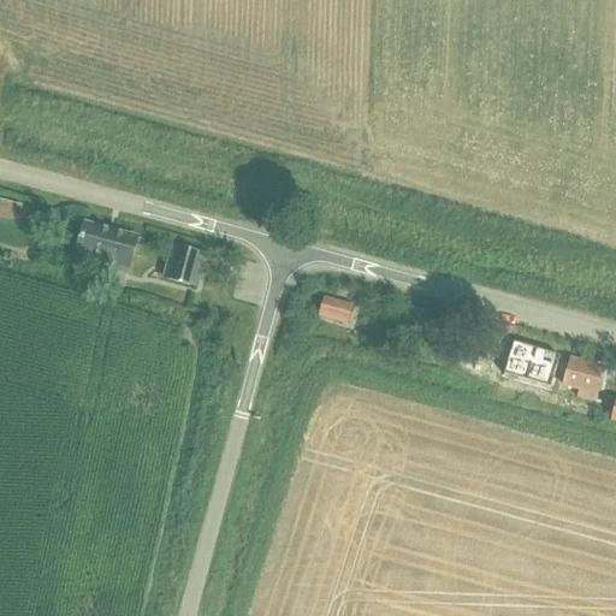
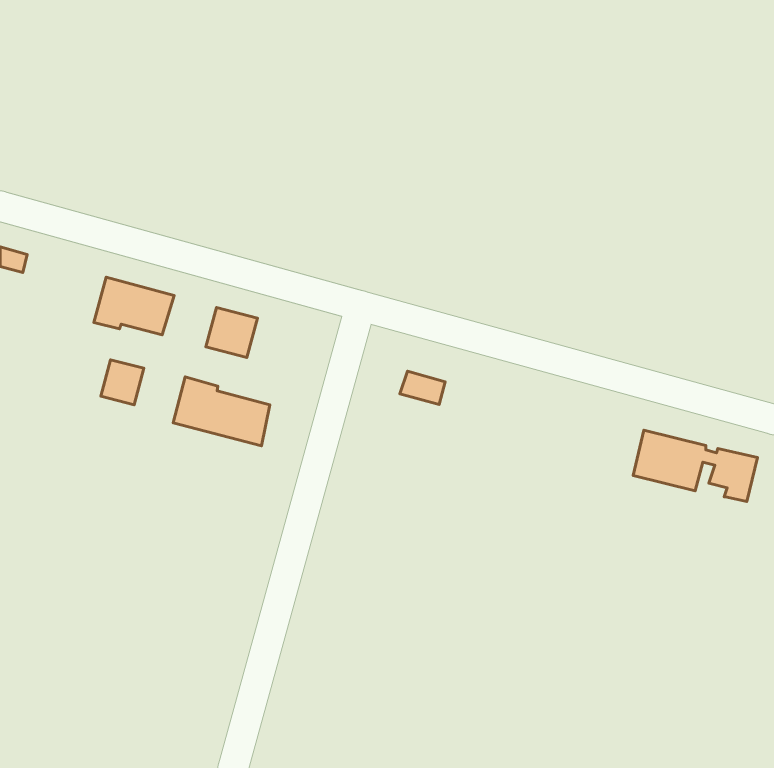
building: none -> [101,360,144,405]
building: none -> [173,377,270,446]

